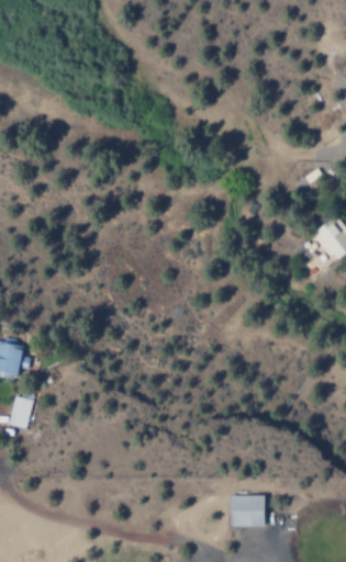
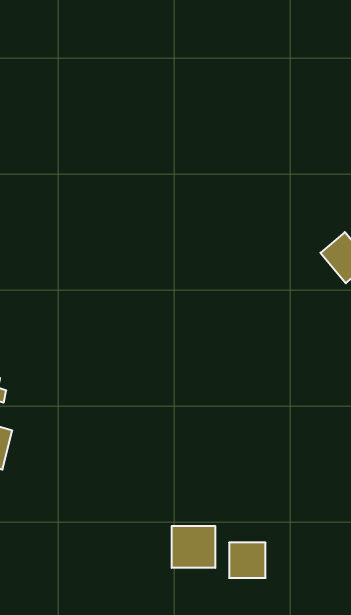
building: none -> [172,526,215,568]

